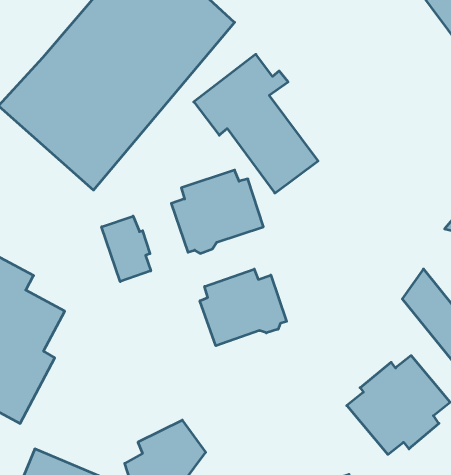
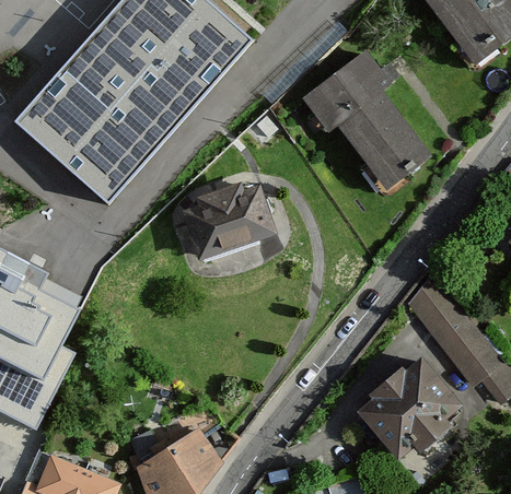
building: [194,54,318,193] -> [305,54,428,190]
building: [102,216,151,282] -> none
building: [200,269,287,346] -> none

